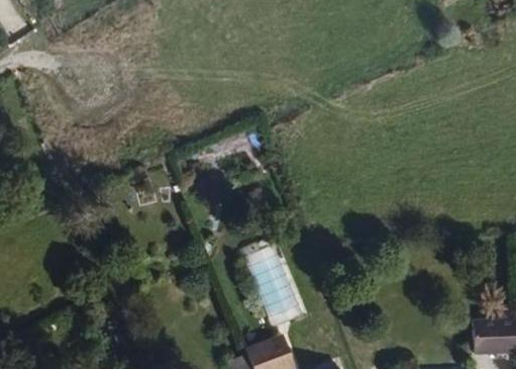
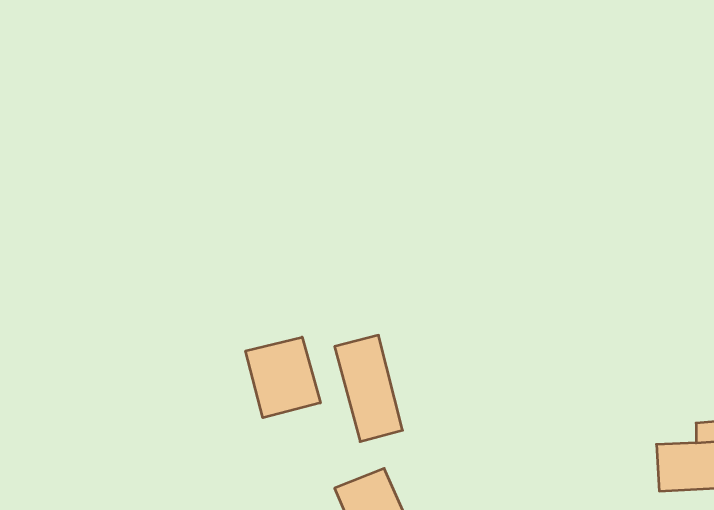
building: none -> [246,337,320,418]

